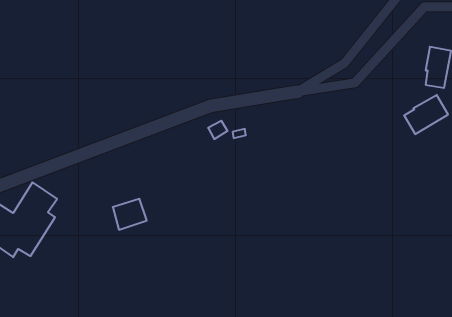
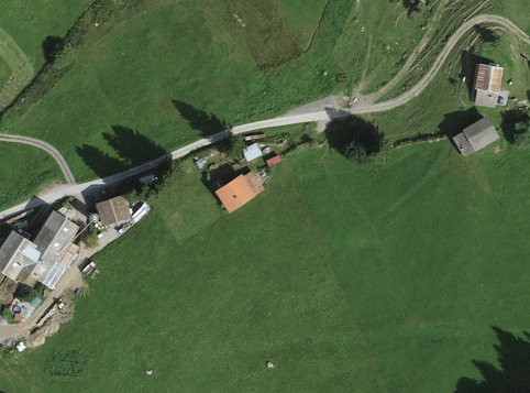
building: none -> [214,171,264,212]
building: [113,199,147,230] -> [95,194,131,227]

